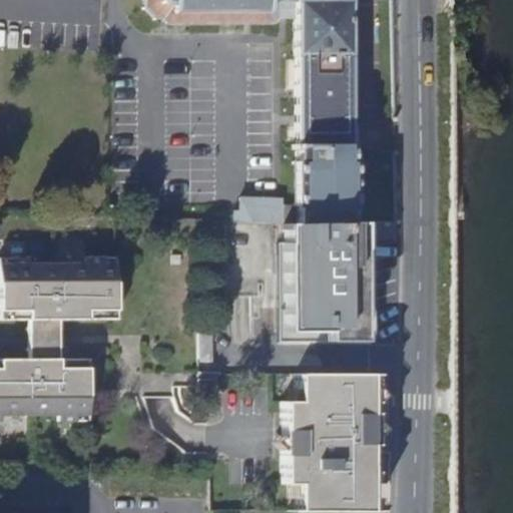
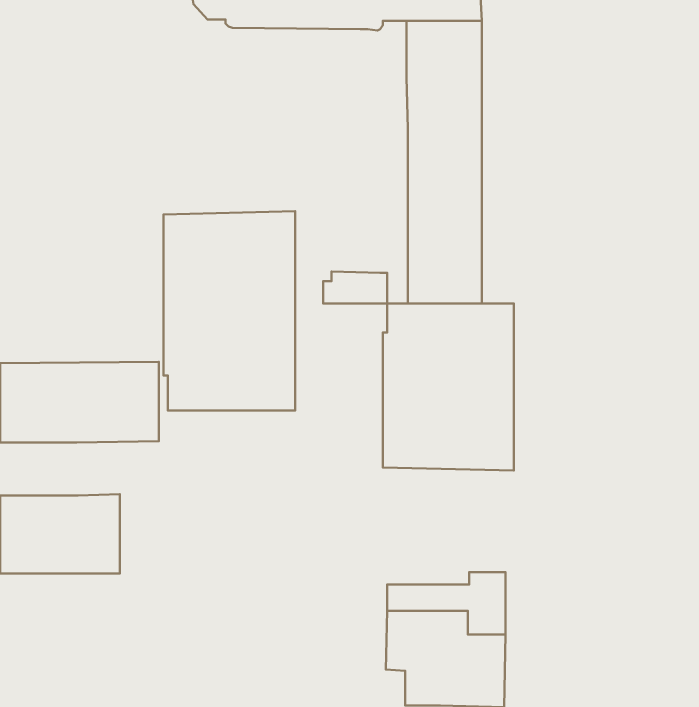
building: none -> [163,211,295,411]
building: [34,319,65,357] -> none
building: [288,374,374,421] -> none

